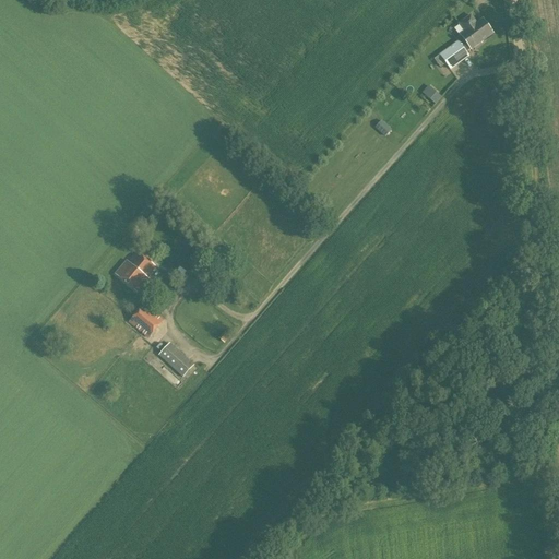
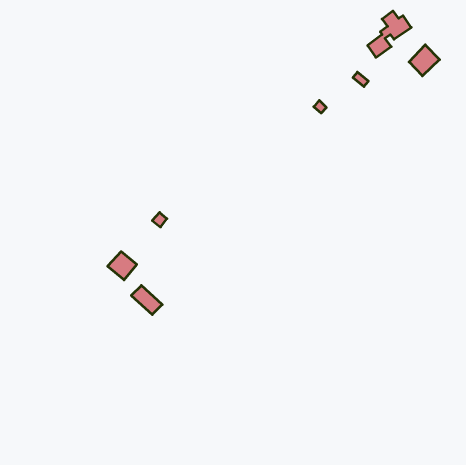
building: none -> [409,45,440,76]
building: [116,250,156,292] -> none

